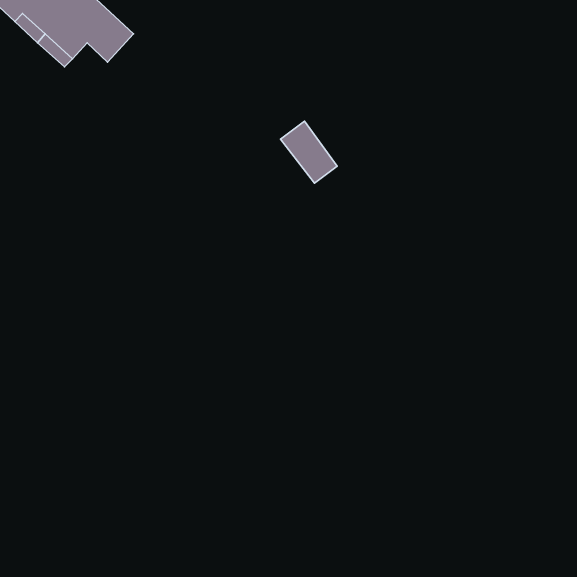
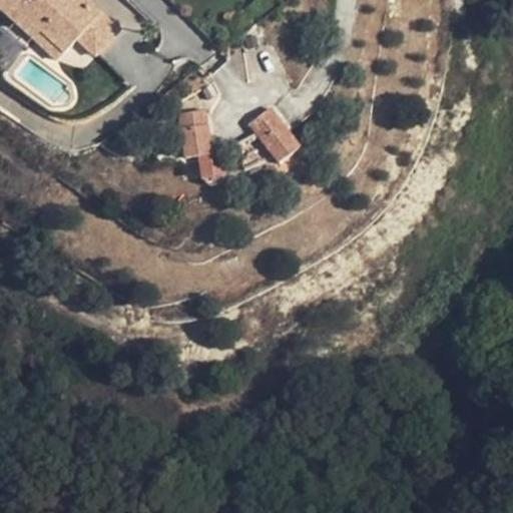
building: none -> [178,109,210,157]

